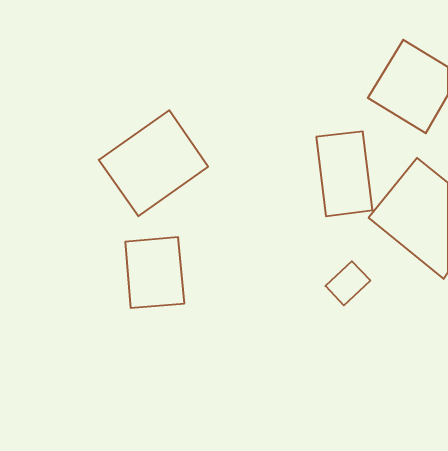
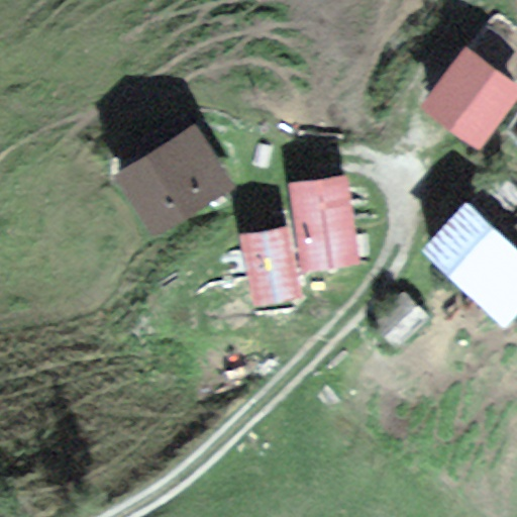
building: [316,132,373,216] -> [294,176,358,273]
building: [125,237,184,308] -> [227,220,295,301]

